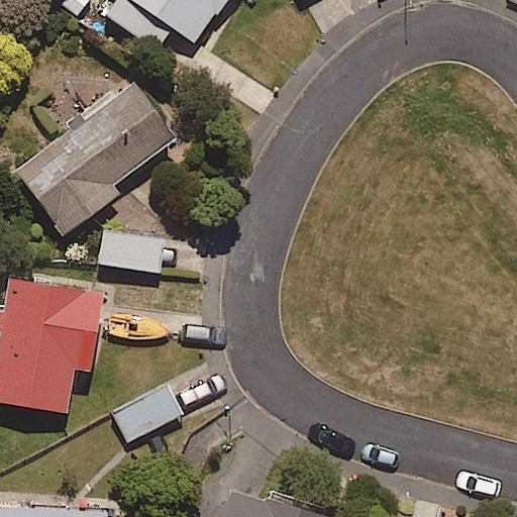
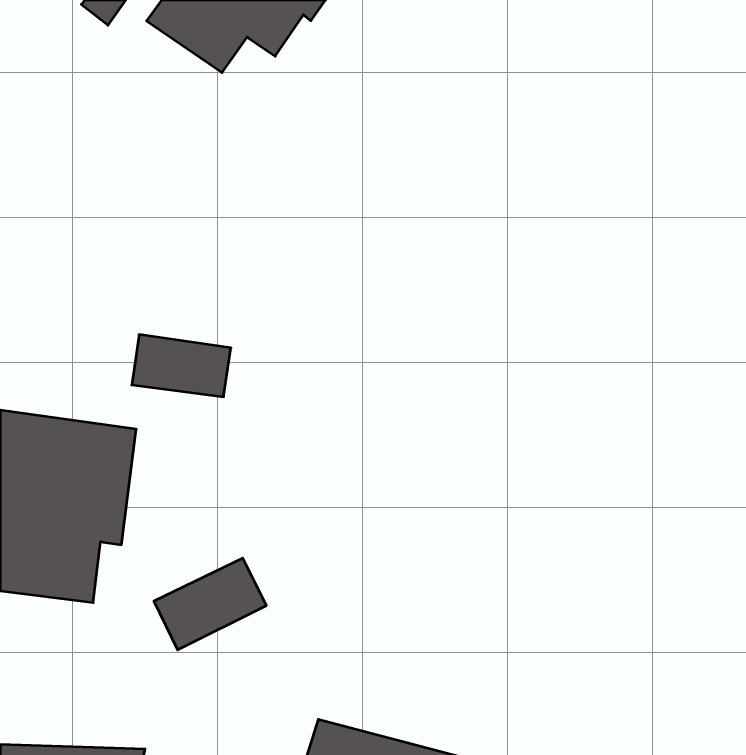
building: [14,81,175,235] -> none

